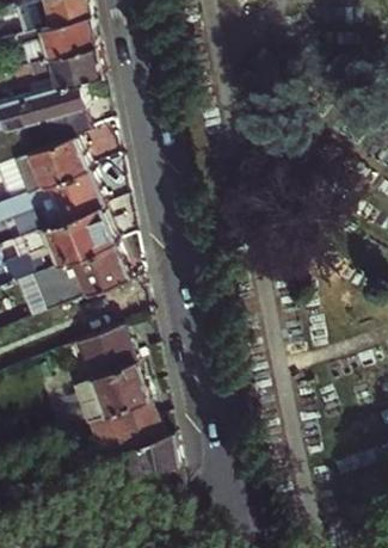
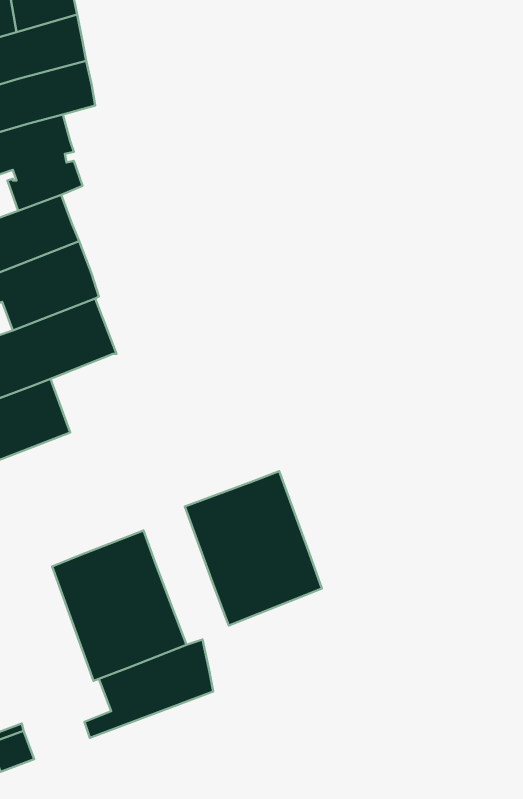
building: [72,241,127,294] -> none
building: none -> [185,471,322,626]
building: [78,324,134,376] -> none

